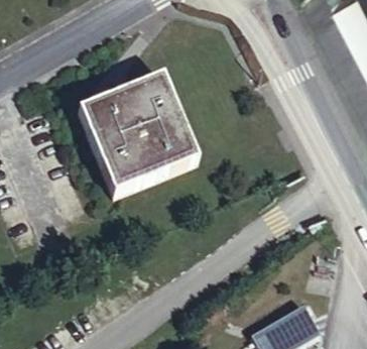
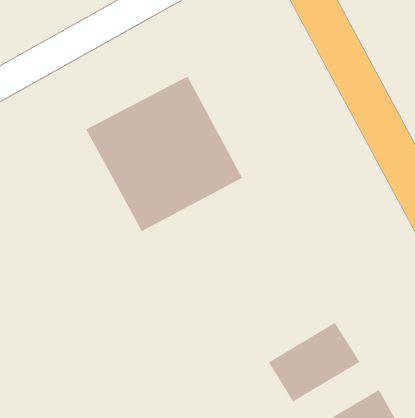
building: none -> [268,322,360,403]

